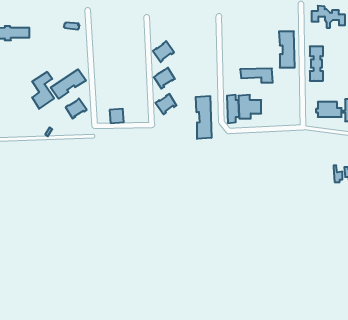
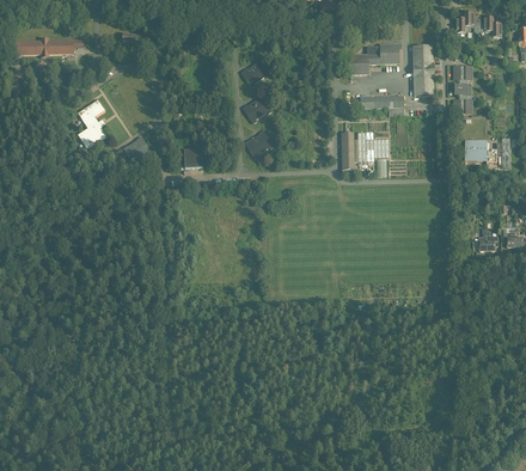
building: none -> [348,44,398,74]
building: [51,69,86,99] -> none
building: [196,96,211,139] -> none

